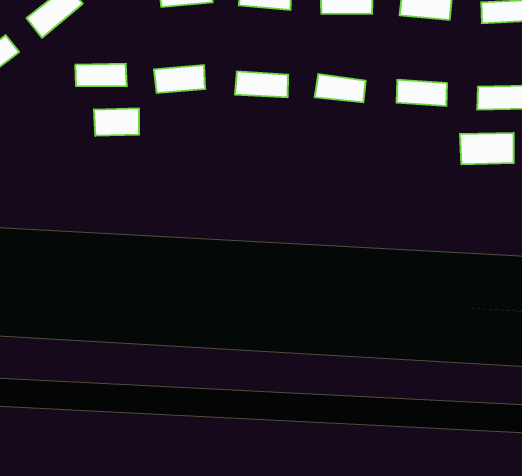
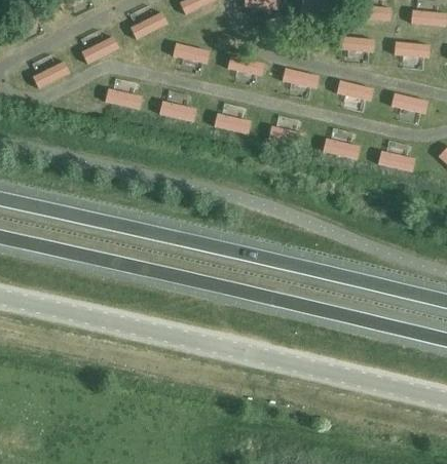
building: [94,108,139,136] -> none
building: [460,133,514,164] -> none

